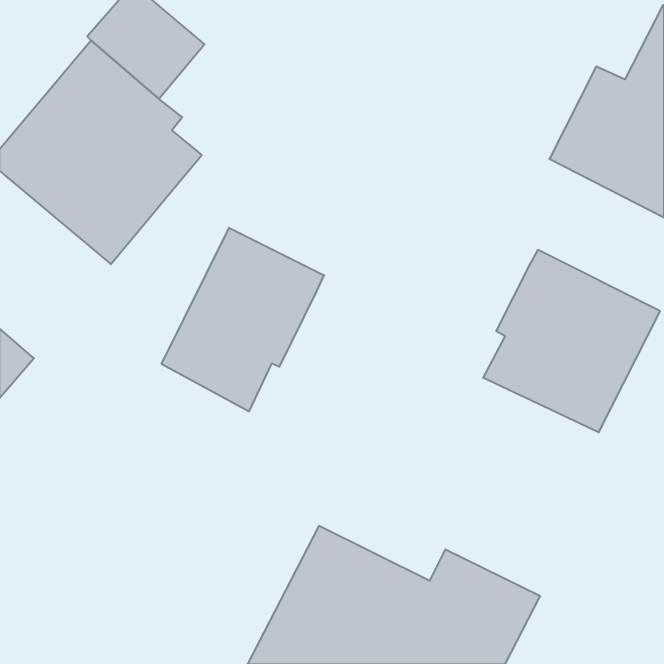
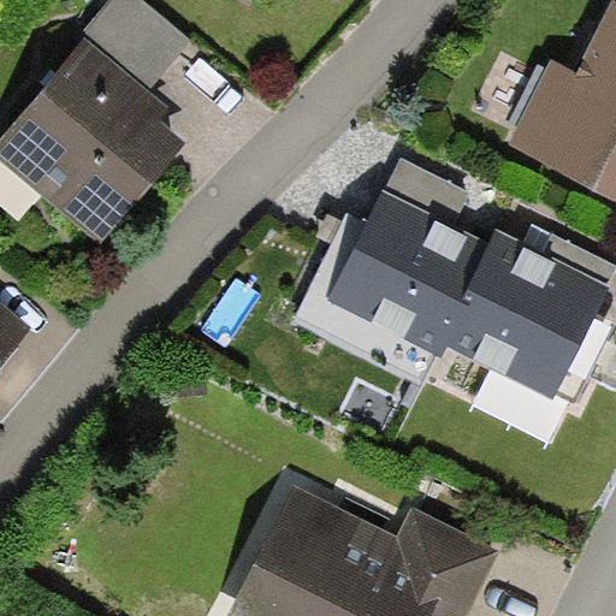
building: none -> [326,191,490,361]
building: [162,228,324,411] -> none

